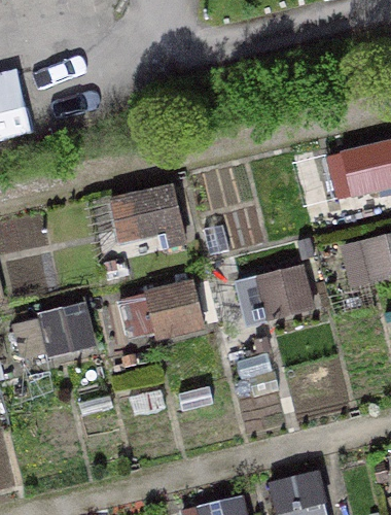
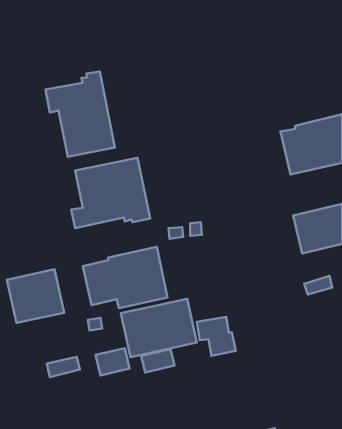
building: none -> [45,71,115,157]
building: [234,265,314,327] -> [121,299,197,357]

